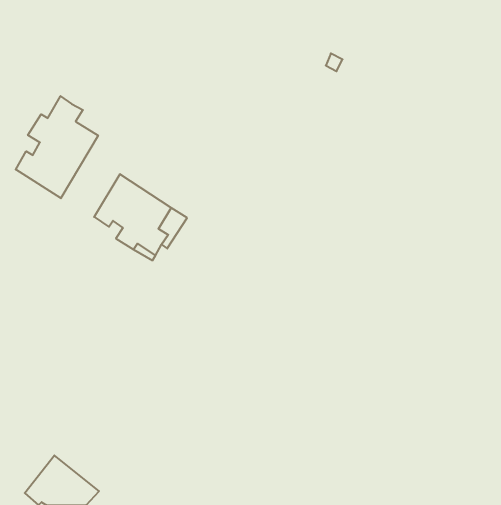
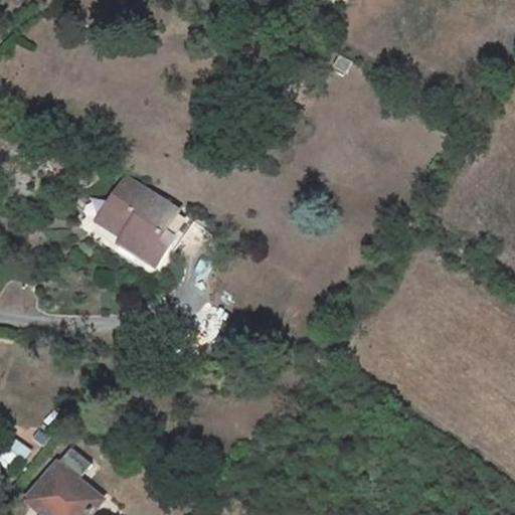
building: [16,96,98,198] -> none

